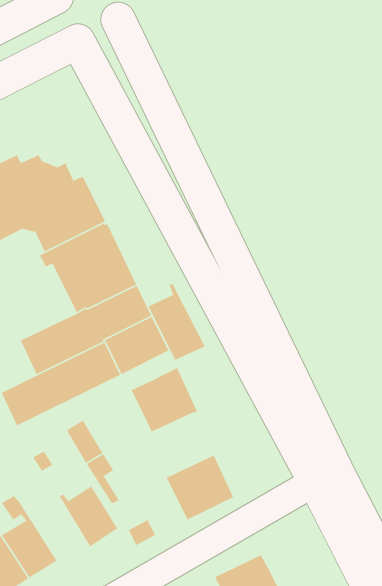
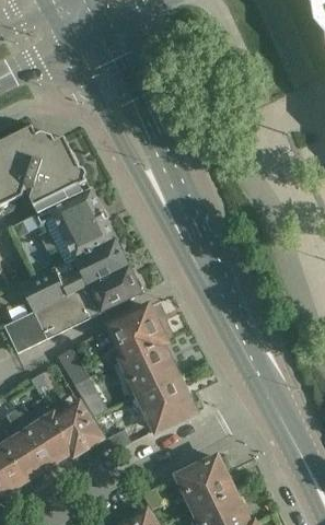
building: [147,283,206,361] -> none
building: none -> [121,341,177,394]
building: none -> [18,405,77,462]

